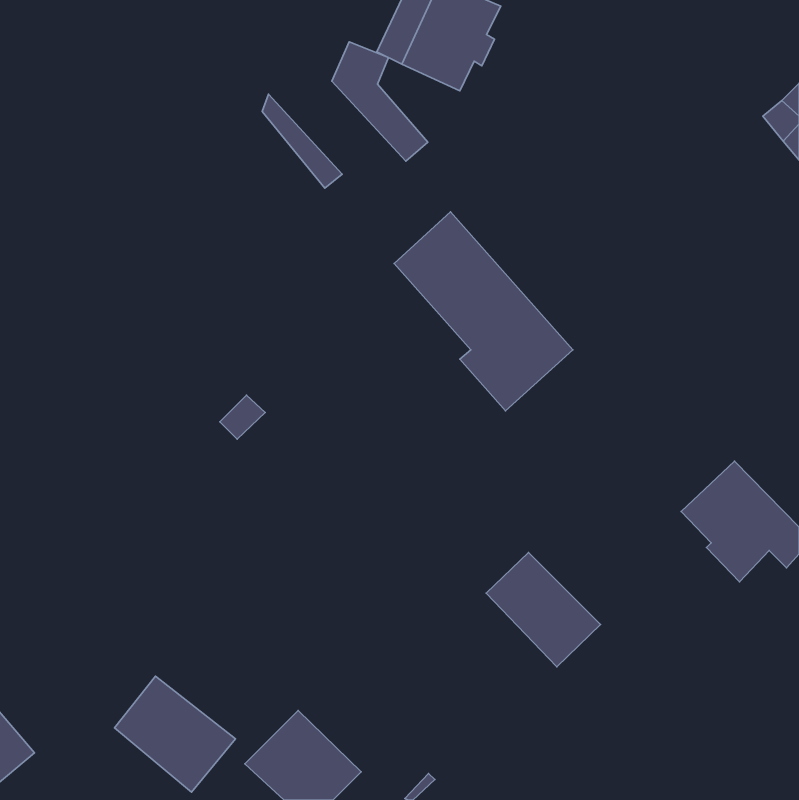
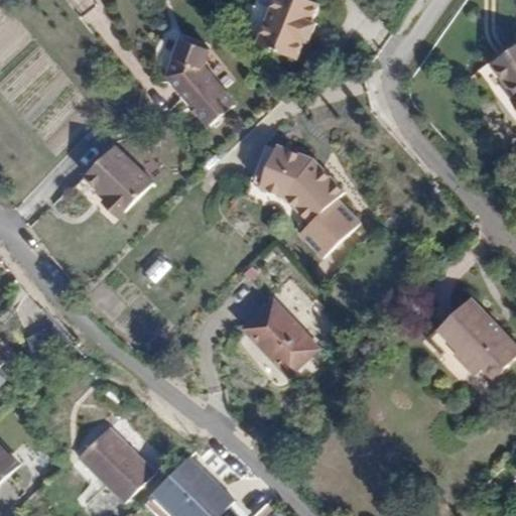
building: [332,42,428,161] -> [172,35,234,112]
building: none -> [83,146,148,217]
building: [486,552,601,667] -> [244,302,317,376]

